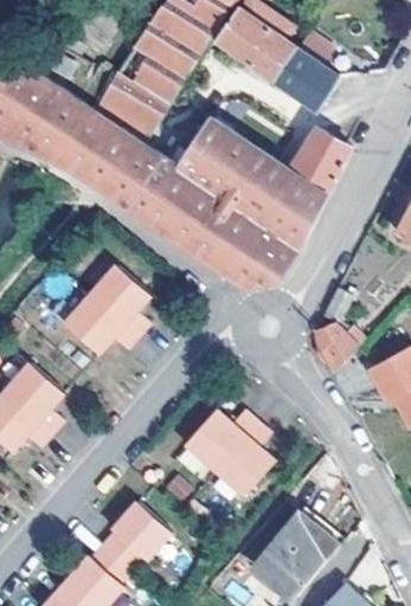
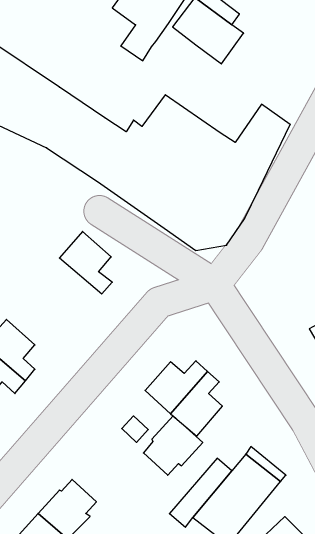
building: [91,17,185,140] -> none
building: [272,30,339,110] -> none
building: [317,288,362,375] -> none
building: [66,296,139,352] -> none
building: [105,502,172,568] -> [143,416,203,475]

